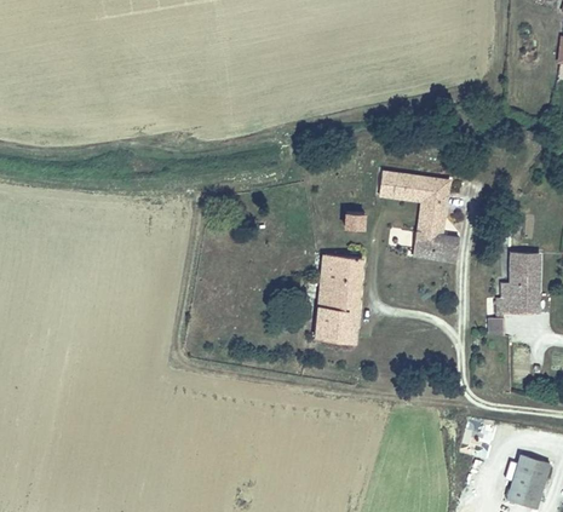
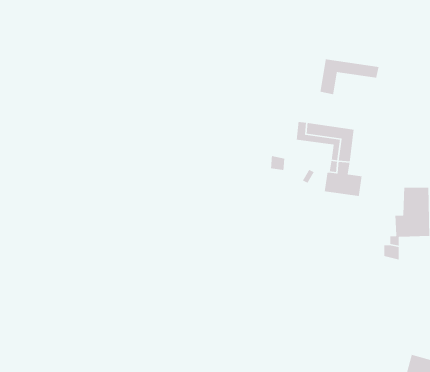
building: none -> [319,59,380,95]
building: [317,258,363,346] -> none

